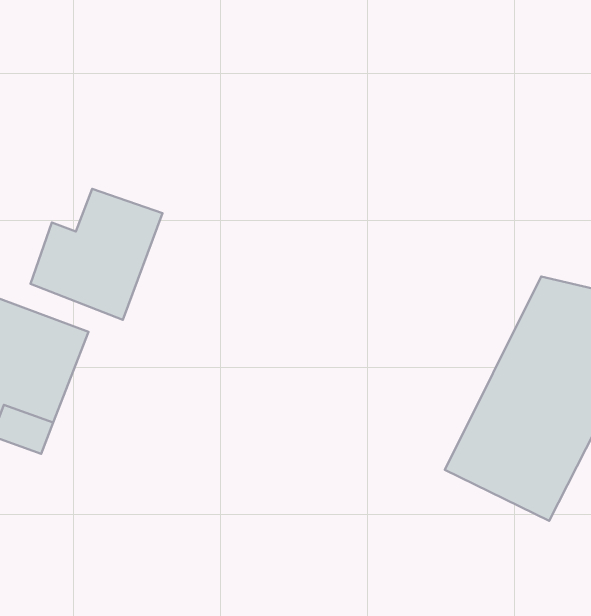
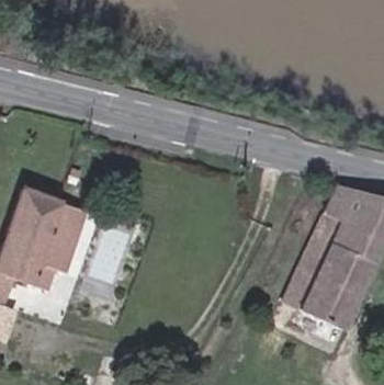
building: [31,189,163,320] -> none

